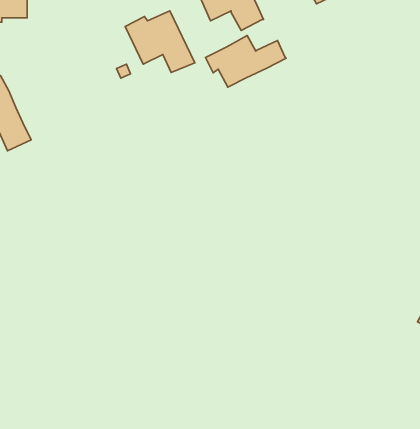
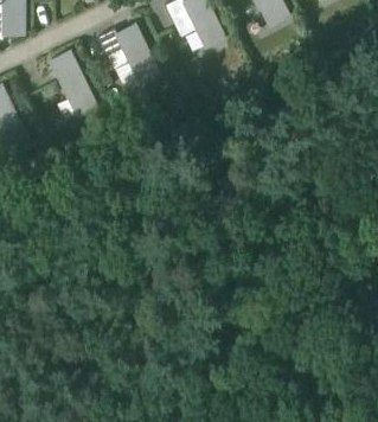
building: [205,36,286,87] -> none
building: none -> [51,51,98,116]

